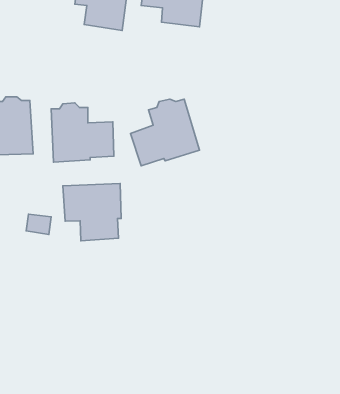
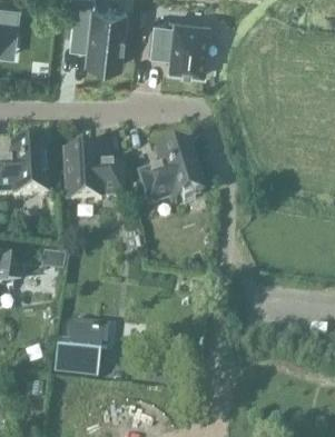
building: [63,183,121,241] -> none
building: none -> [51,321,100,373]

